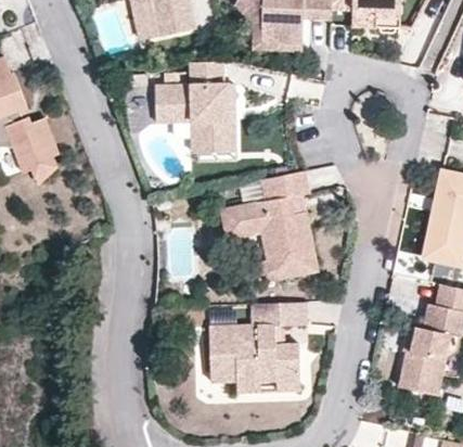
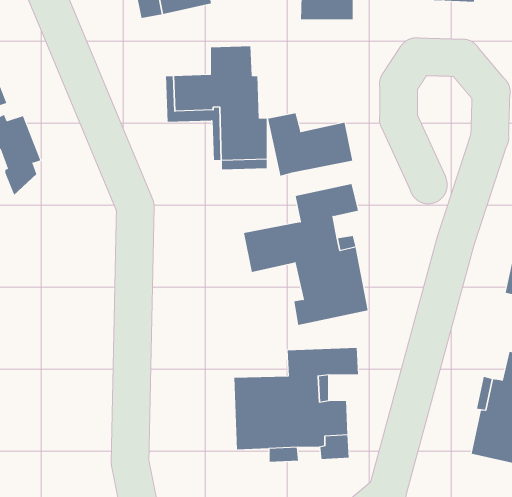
building: none -> [268,113,353,176]

